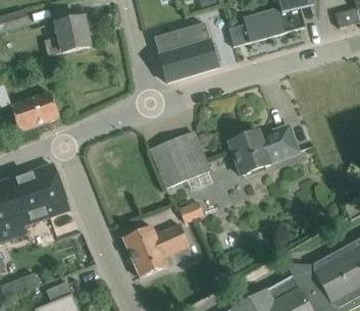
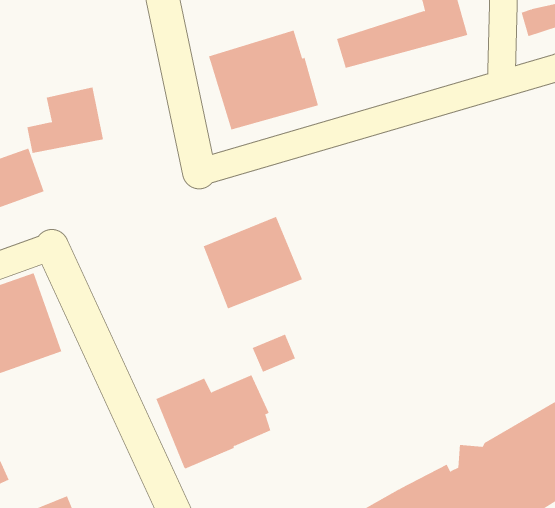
building: [45,15,90,54] -> [26,87,104,154]
building: [229,124,298,173] -> none

